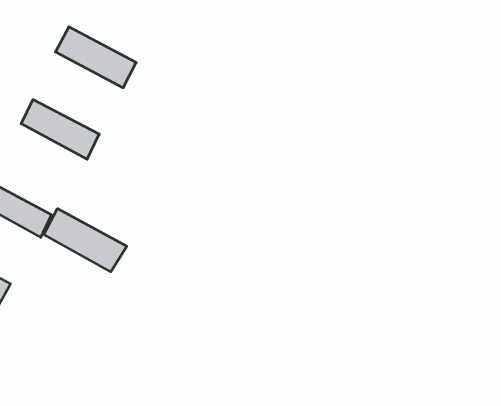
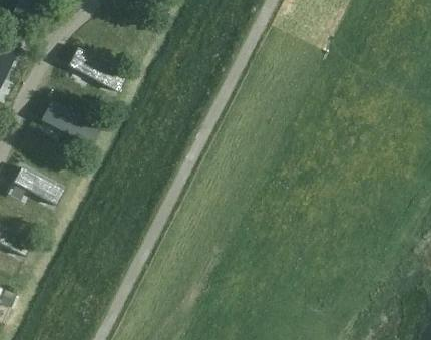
building: [44,209,127,272] -> none

